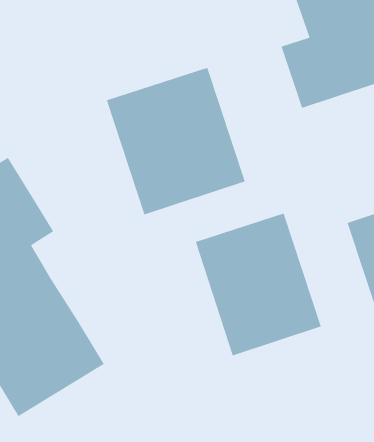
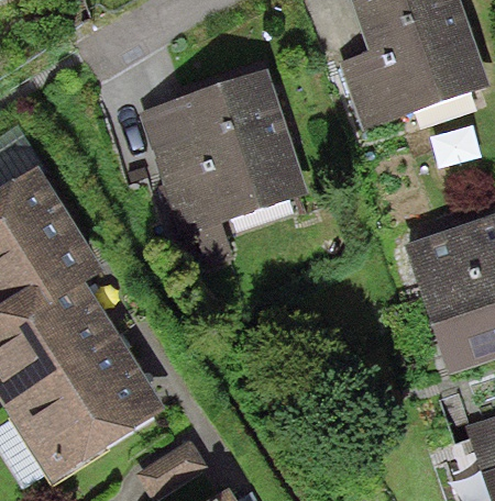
building: [195,213,322,356] -> none

